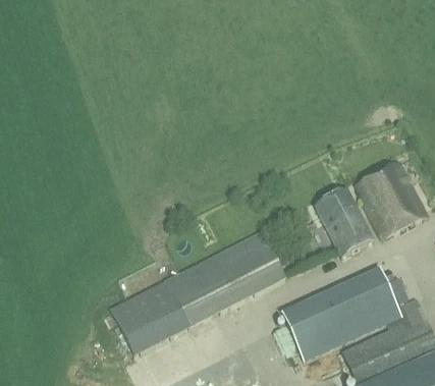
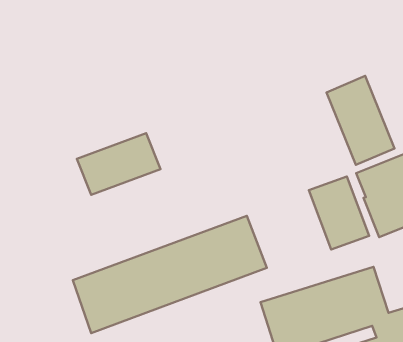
building: none -> [326,76,395,165]
building: none -> [77,133,160,195]

